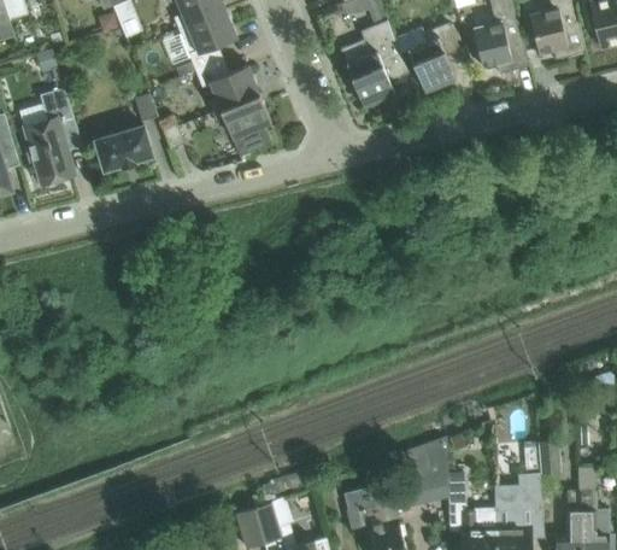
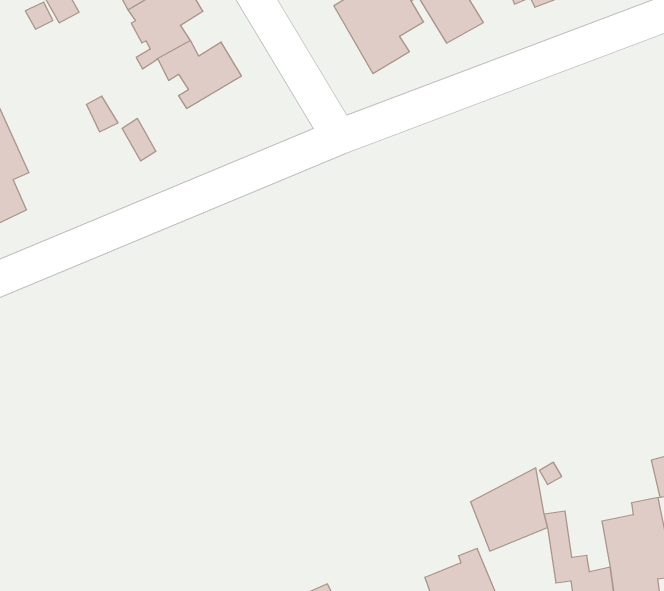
building: [212,93,271,156] -> none
building: [94,125,152,169] -> none

